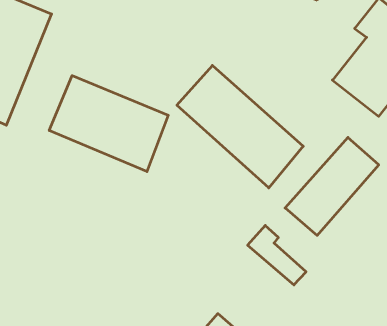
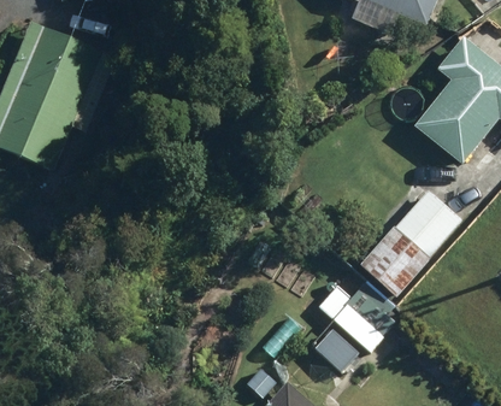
building: [177,65,303,188] -> none
building: [49,76,168,172] -> none

